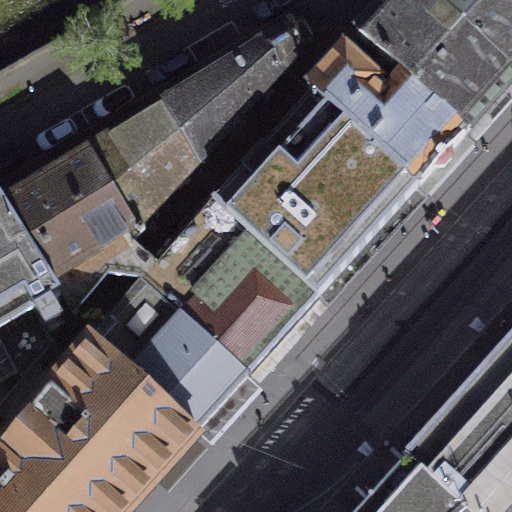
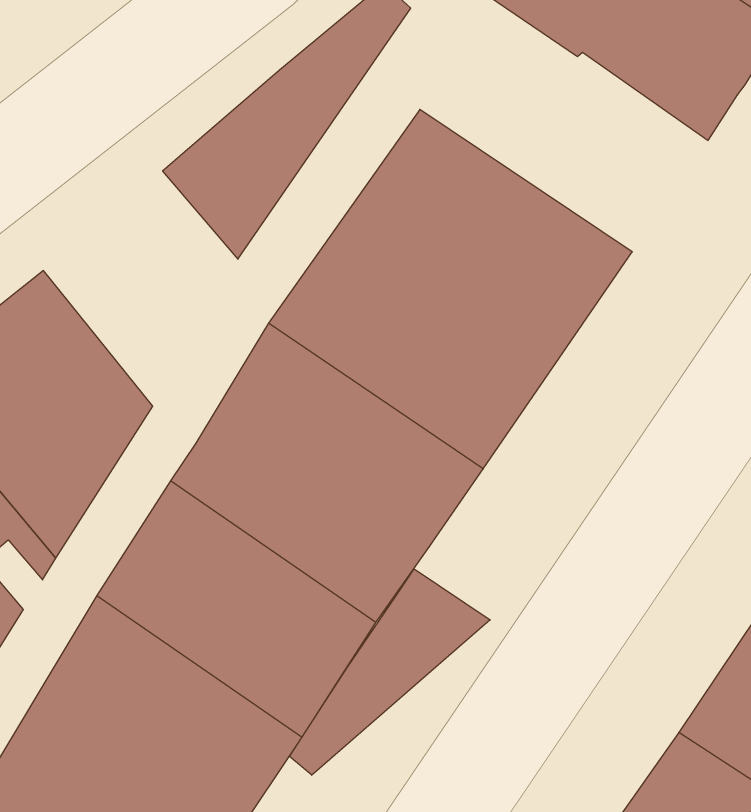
building: [299,50,459,190] -> none
building: [79,108,188,238] -> none
building: none -> [290,569,490,775]

